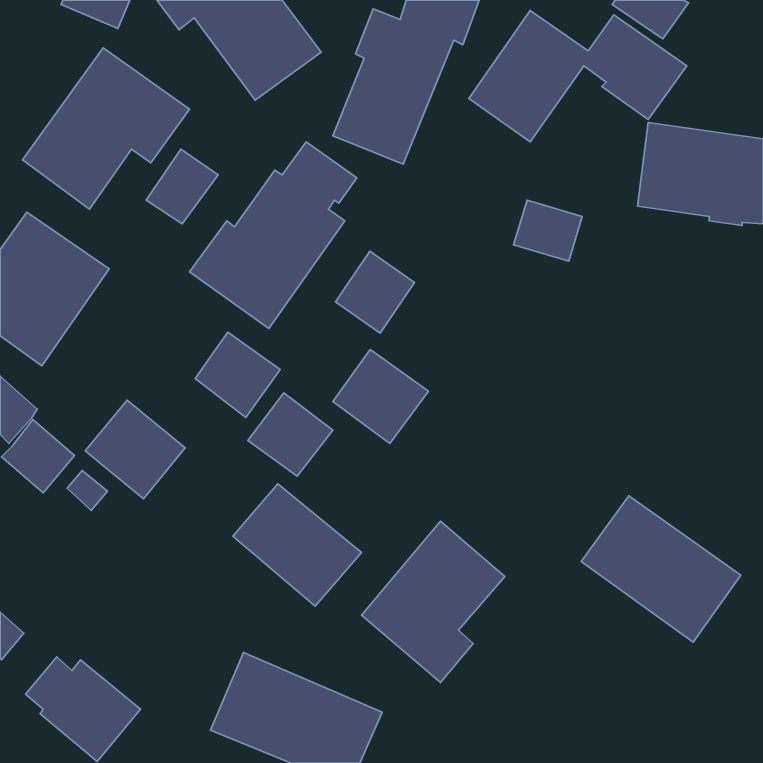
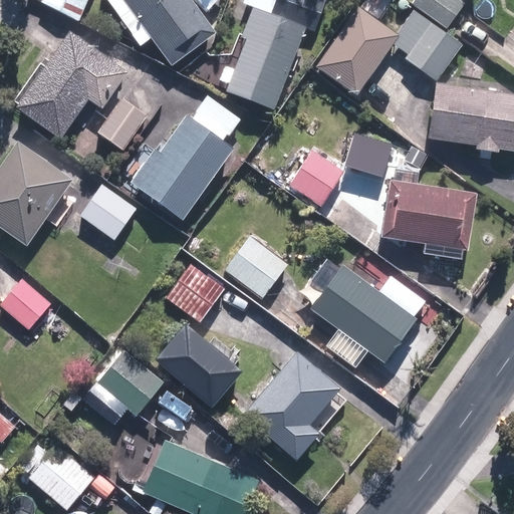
building: [335,251,415,333] -> [289,152,342,207]
building: none -> [381,180,476,249]
building: [195,332,280,417] -> [80,185,138,242]
building: [85,400,185,499] -> [95,349,163,416]
building: [581,496,741,642] -> [309,265,417,363]

